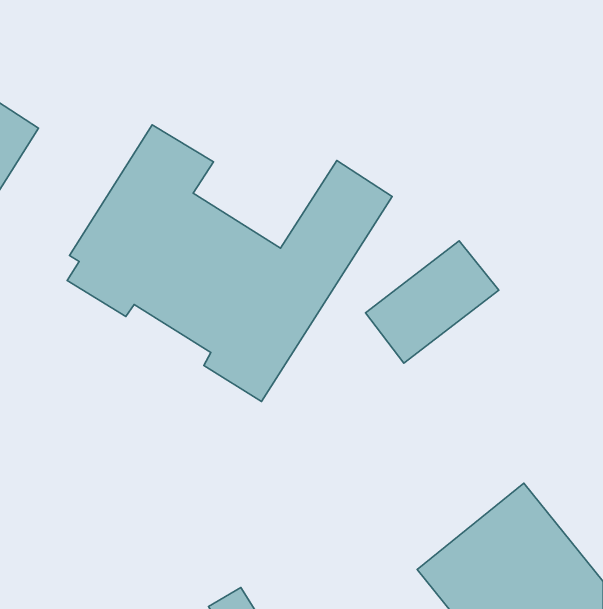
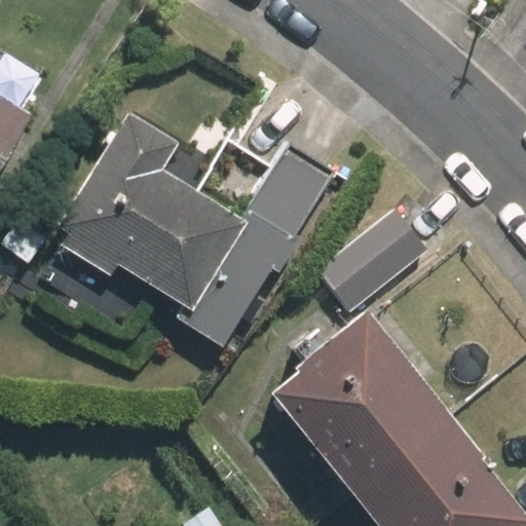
building: none -> [275,315,449,491]

